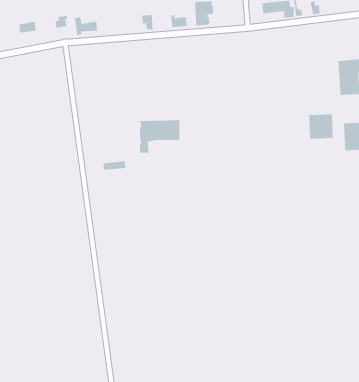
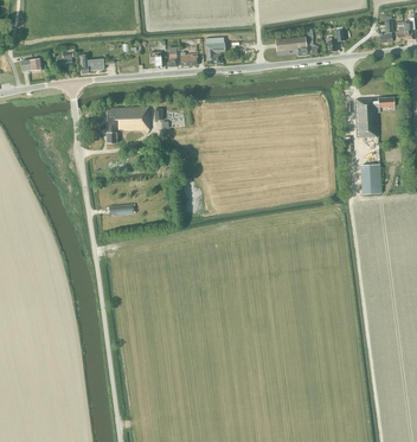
building: [308,114,334,139] -> none
building: [139,119,180,153] -> [107,107,149,142]

